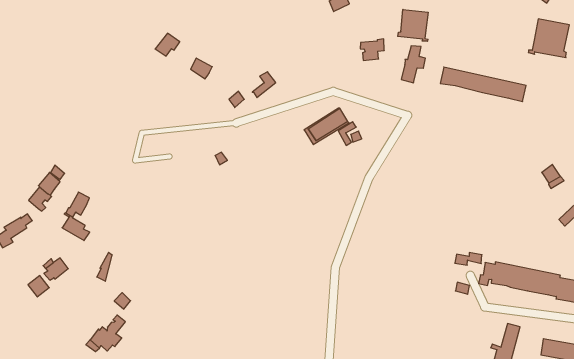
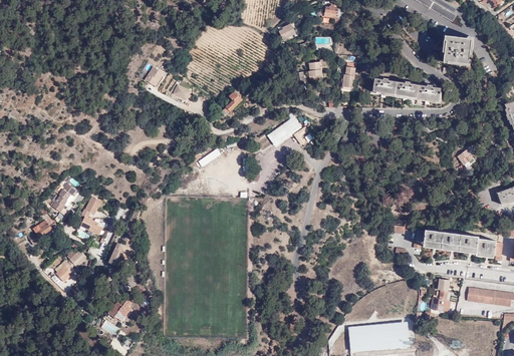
building: [398,9,428,41] -> none

